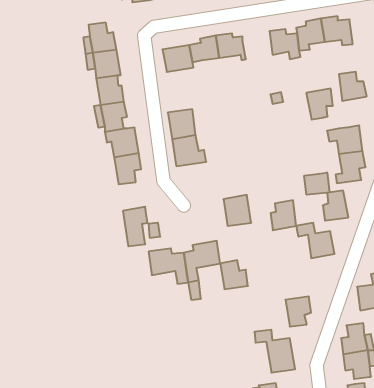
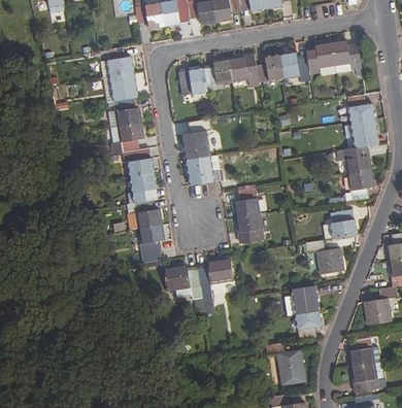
building: none -> [255,56,283,82]
building: [306,89,333,120] -> [350,118,376,148]
building: [304,172,330,195] -> none
building: none -> [135,201,161,229]
building: [271,200,296,230] -> [234,189,259,217]
building: [220,260,248,289] -> [292,286,319,314]

